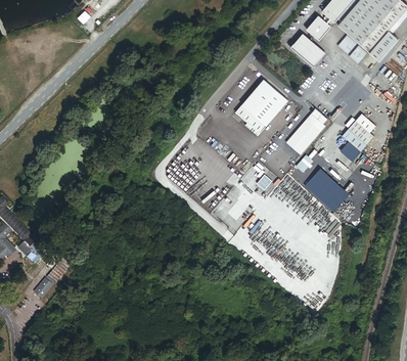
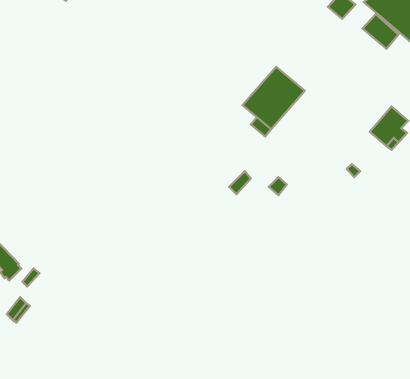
building: [291,34,324,65] -> none
building: [286,115,324,154] -> none
building: [305,169,349,213] -> none

